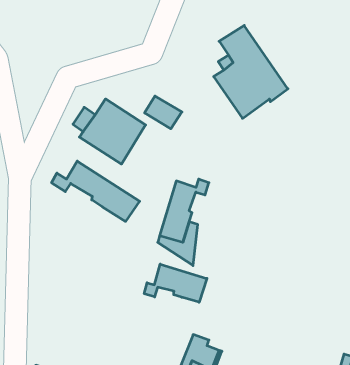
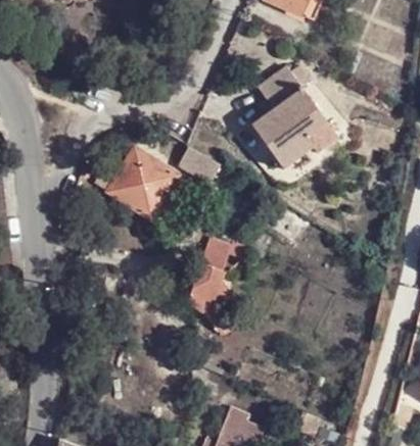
building: [52,161,140,221] -> none
building: [144,264,207,302] -> none

